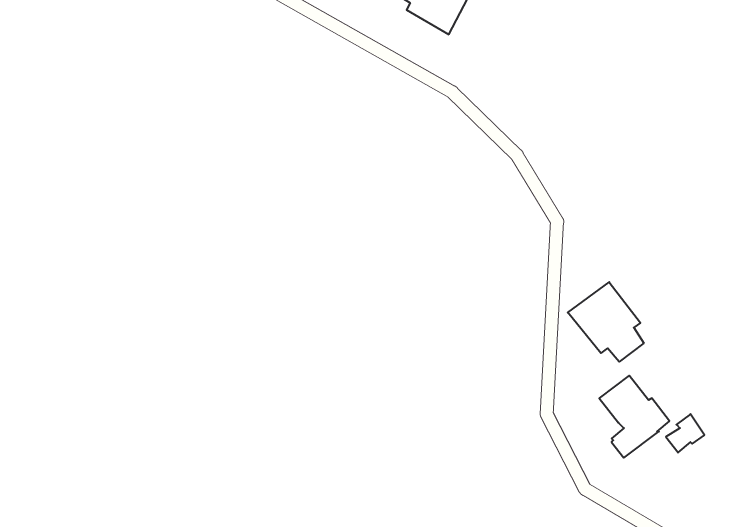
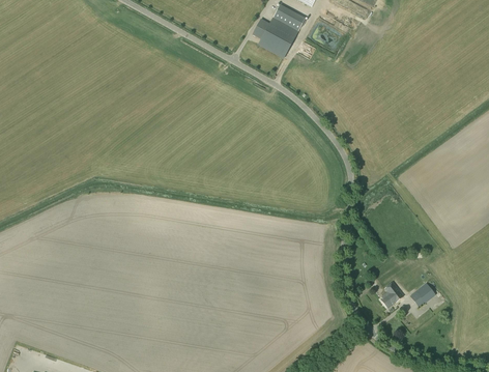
building: [568,282,644,362] -> none

